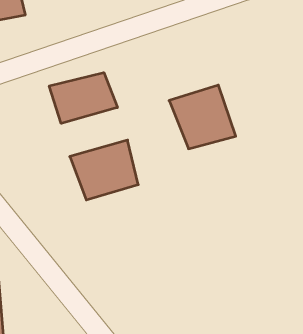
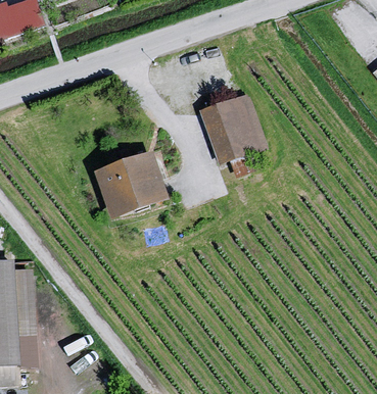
building: [49,73,117,123] -> none

